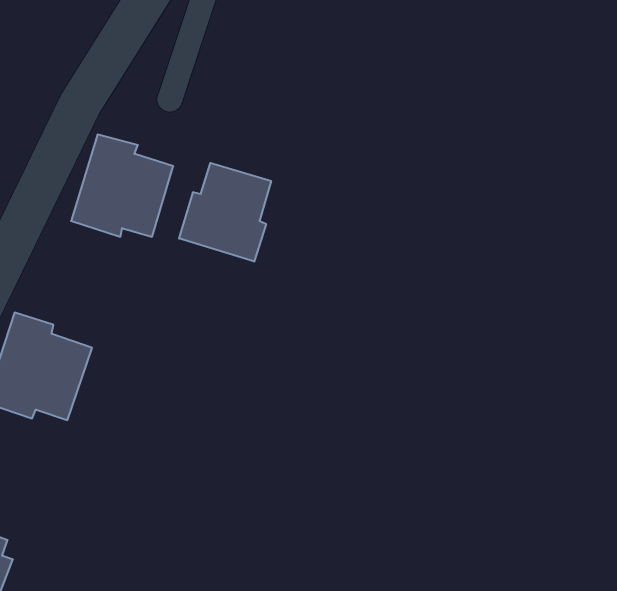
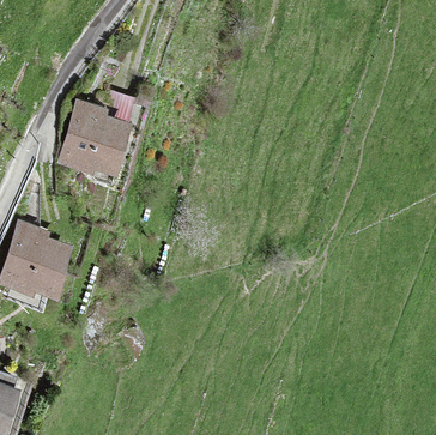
building: [179,163,271,262] -> none

